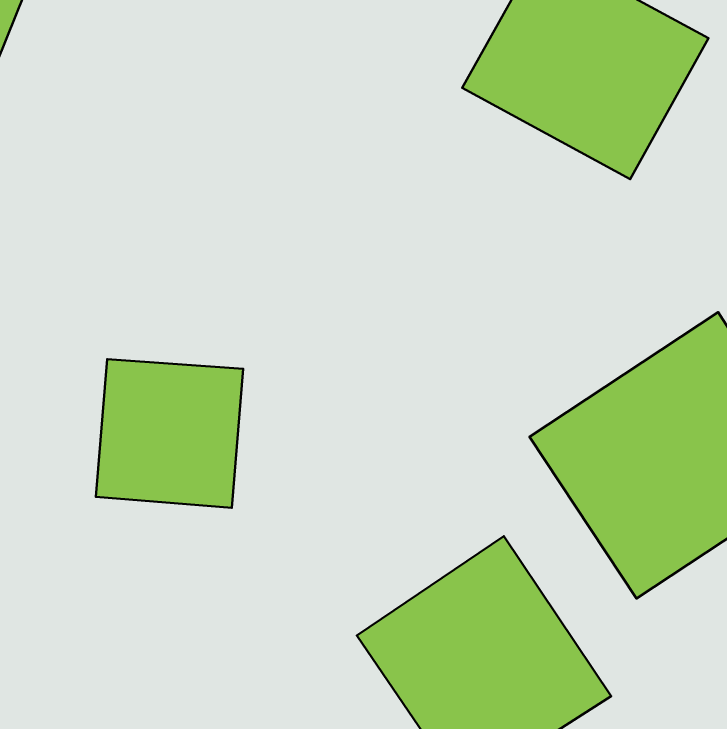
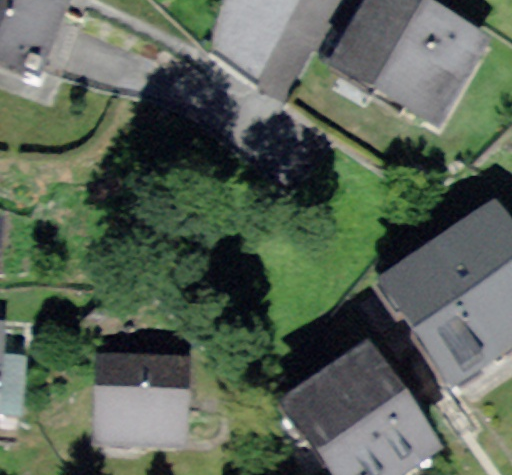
building: [96,359,243,508] -> [101,354,193,447]

